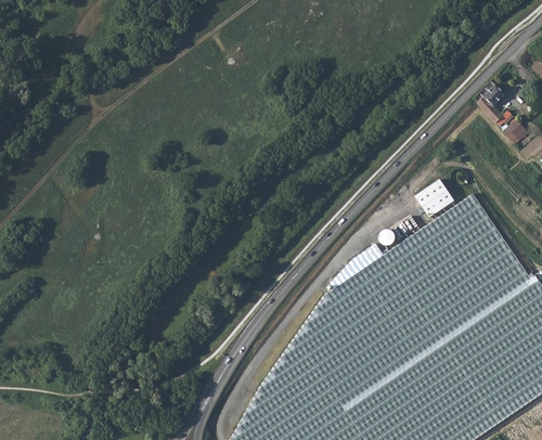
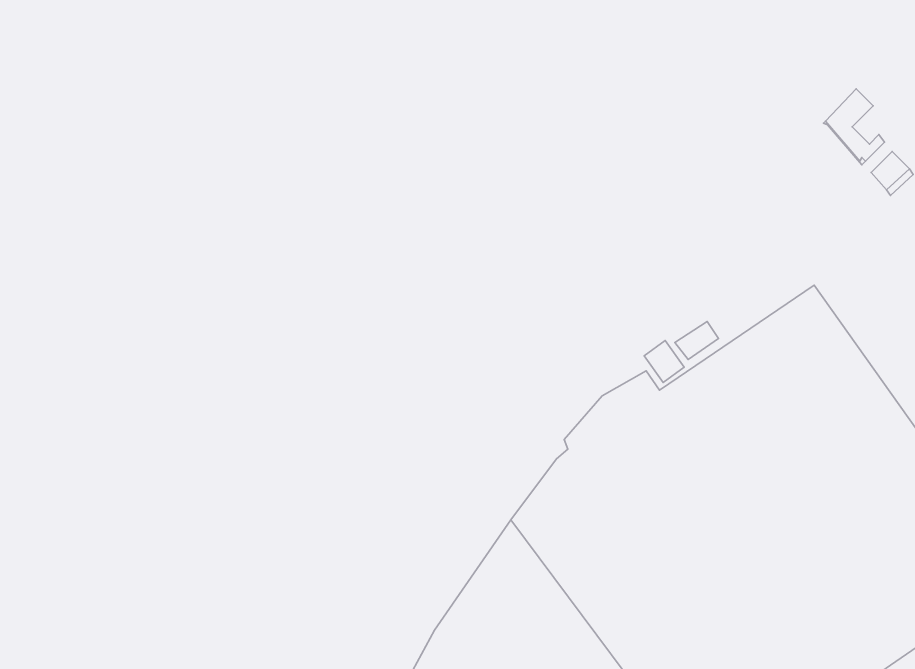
building: [415,181,453,218] -> none

